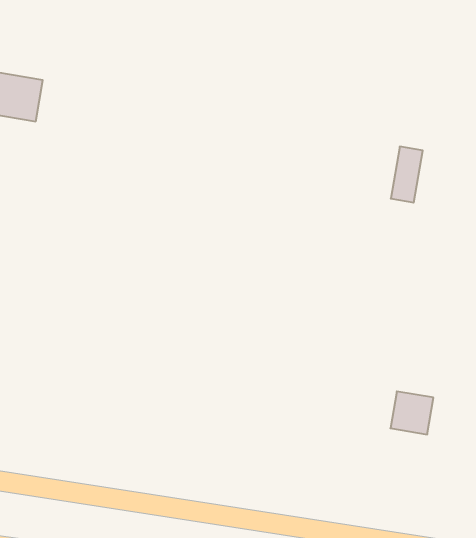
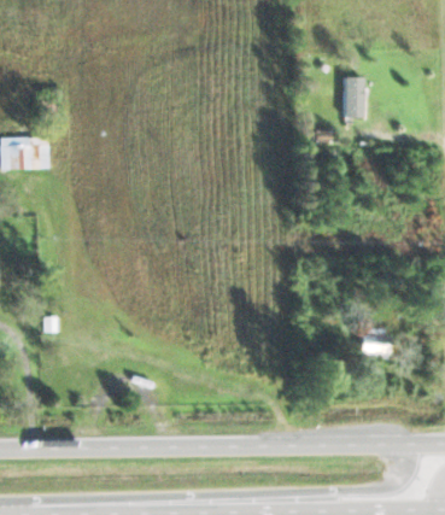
building: [391,147,423,203] -> [345,77,363,118]

